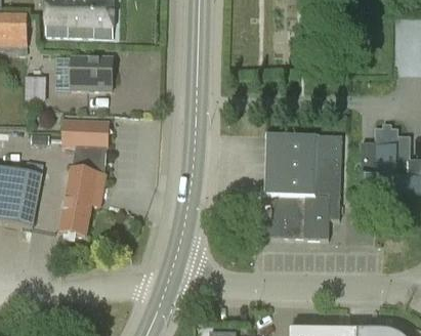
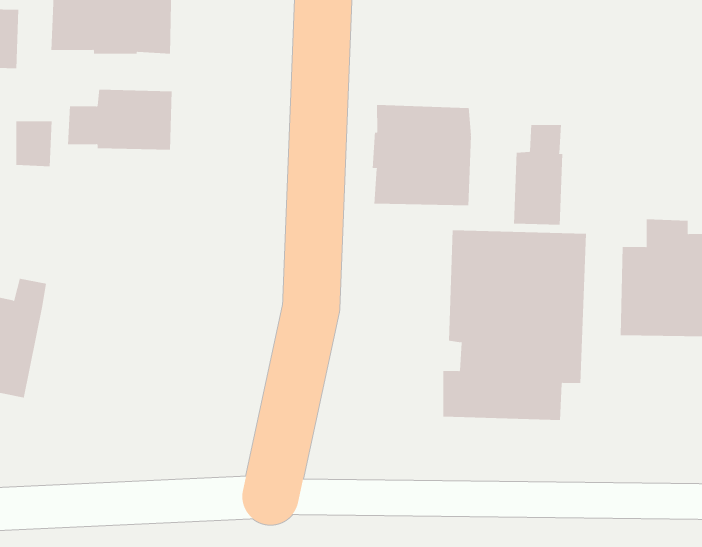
building: none -> [372,104,471,206]
building: none -> [514,124,563,225]
building: [59,120,110,237] -> none

